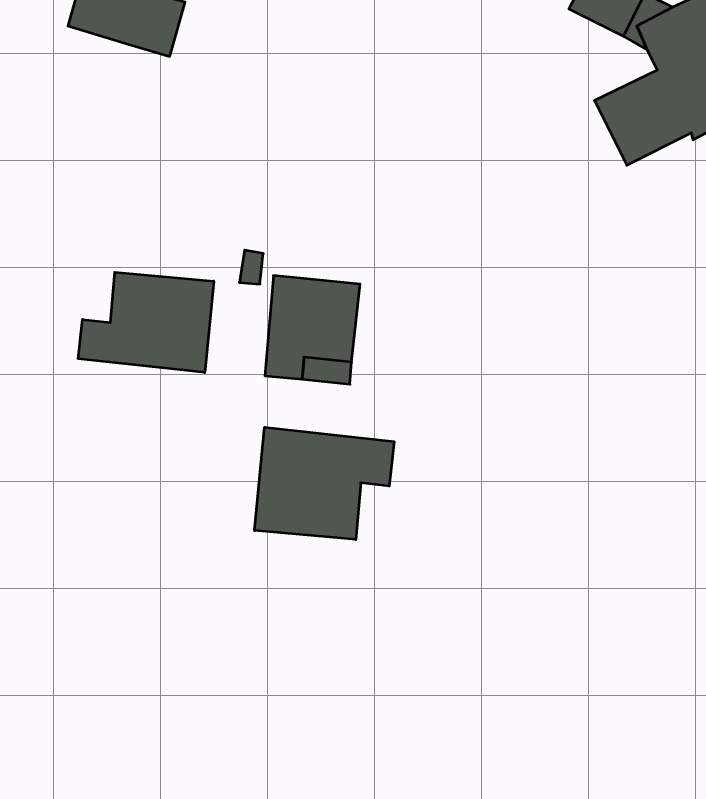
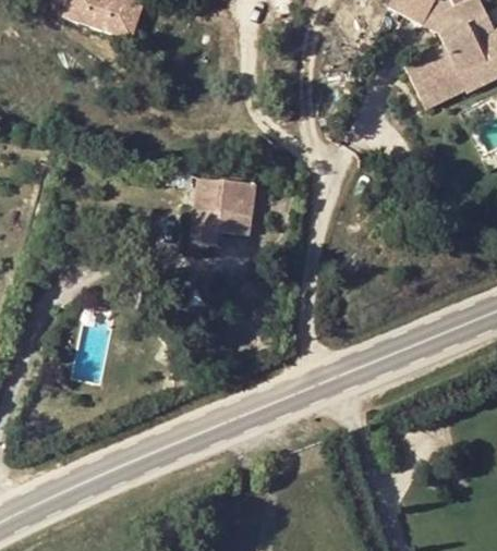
building: [78,272,214,373] -> none
building: [255,427,394,540] -> none

